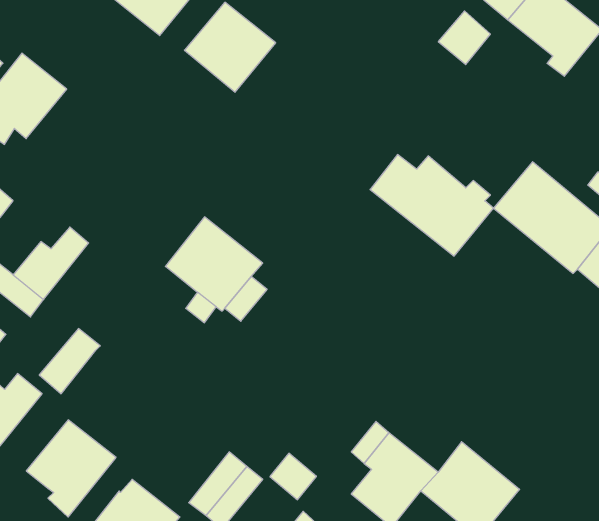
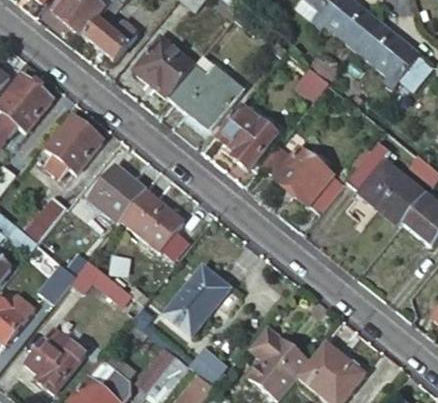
building: none -> [168,57,244,129]
building: none -> [215,89,278,171]
building: none -> [43,114,102,176]
building: none -> [90,162,147,220]
building: none -> [72,258,131,304]
building: none -> [164,266,231,336]

